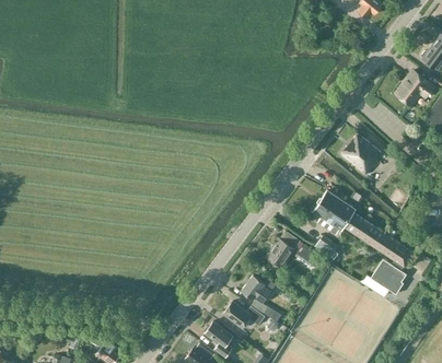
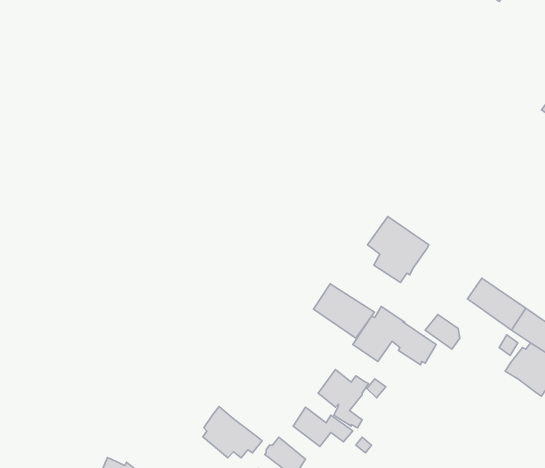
building: [340,136,382,175] -> none
building: [313,190,356,236] -> [367,217,429,283]
building: none -> [313,284,374,338]
building: none -> [203,407,262,458]

